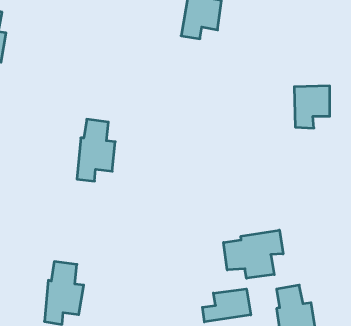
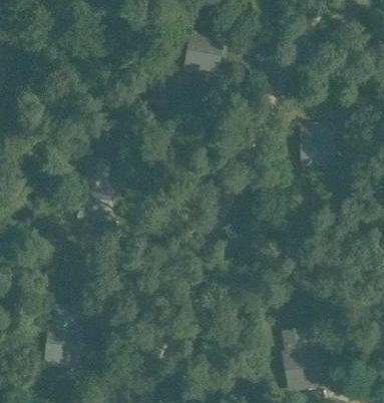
building: [224,230,283,278] -> none
building: [202,289,251,322] -> none

